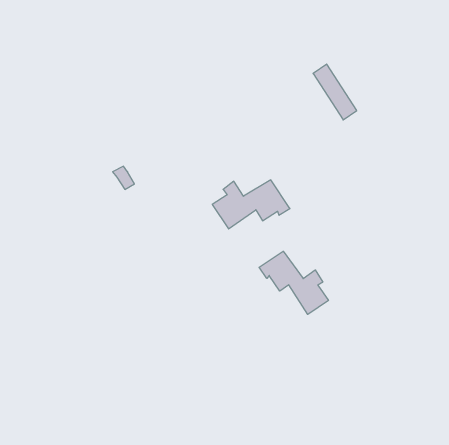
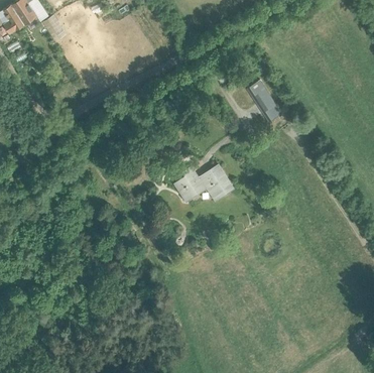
building: [259,251,328,314] -> none

